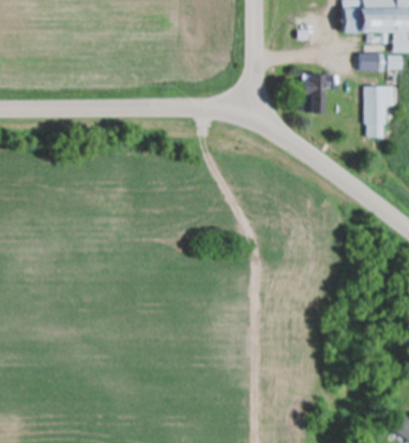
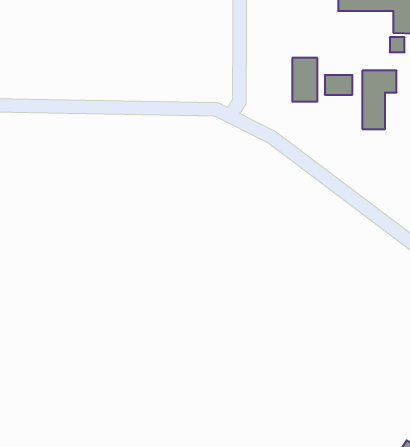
building: [358,53,382,71] -> [325,75,352,95]

